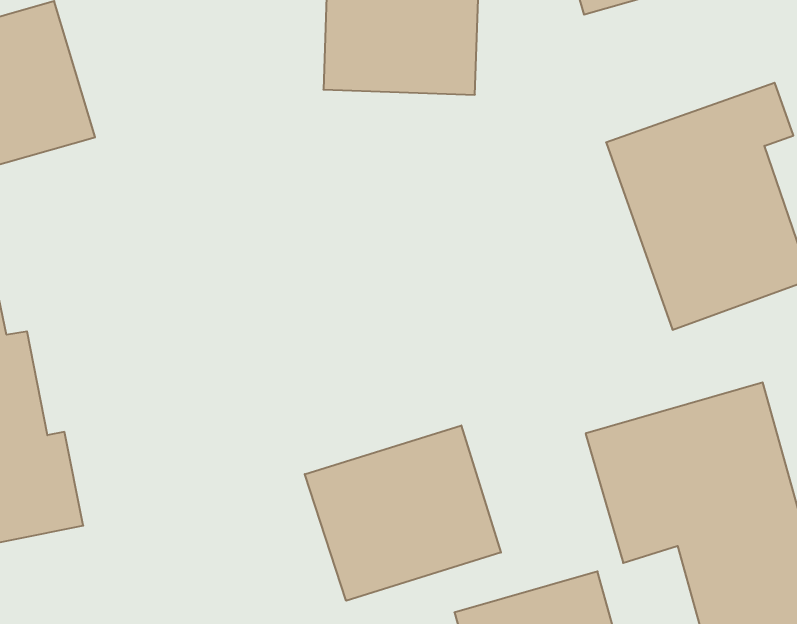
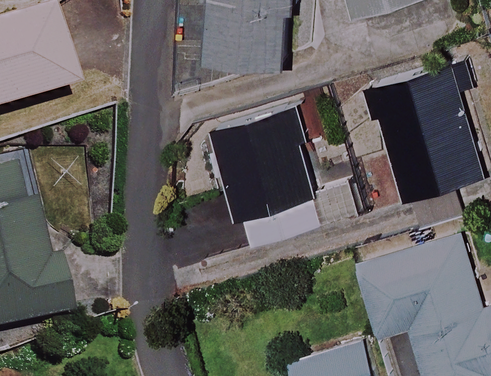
building: none -> [212,107,360,244]
building: [305,425,501,601] -> none

